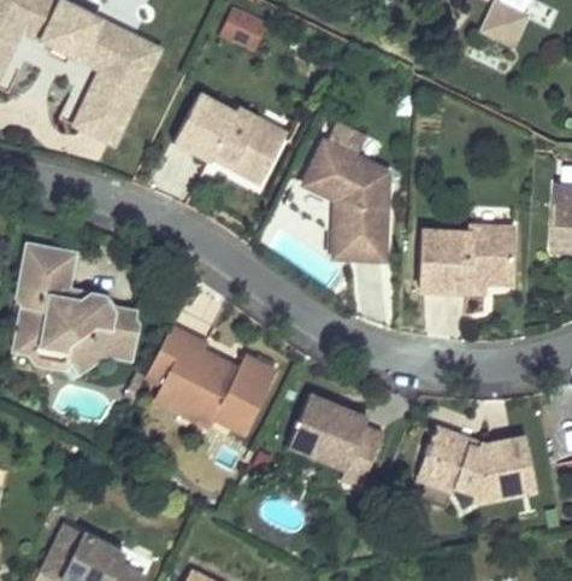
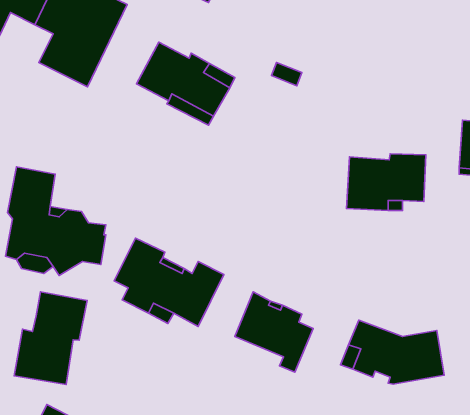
building: [306,143,389,260] -> none
building: none -> [14,292,87,385]

